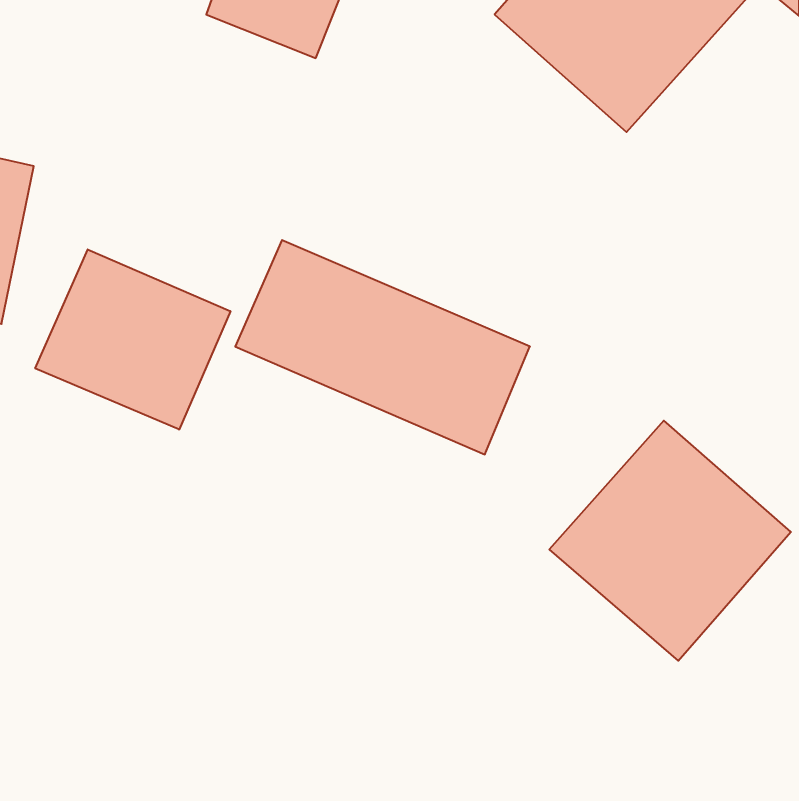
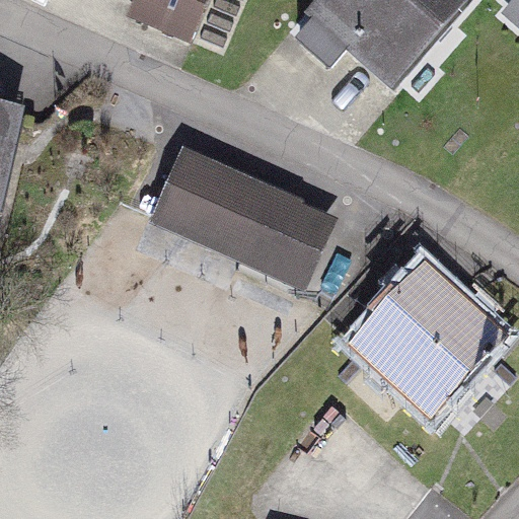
building: [35,249,230,430] -> none

